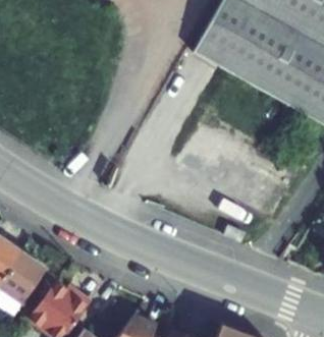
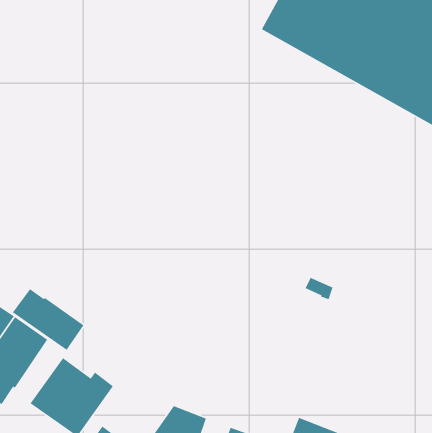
building: none -> [12,288,84,351]

